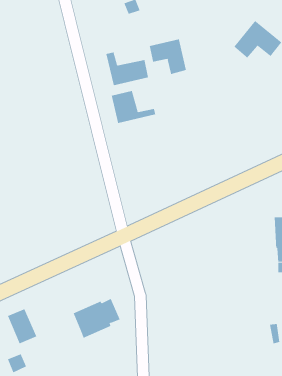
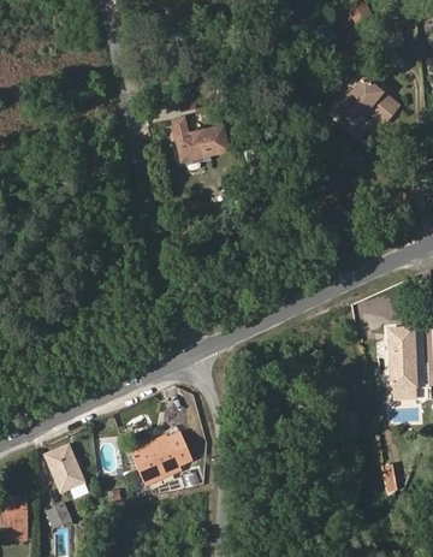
building: [149,38,187,75] -> none
building: [111,90,156,124] -> none

